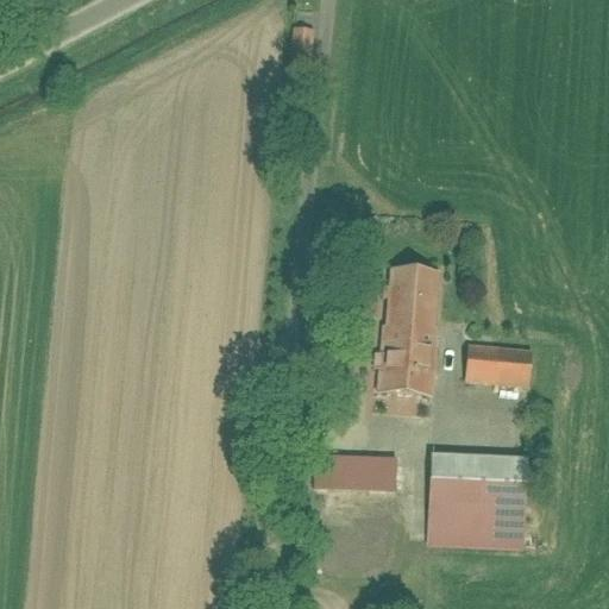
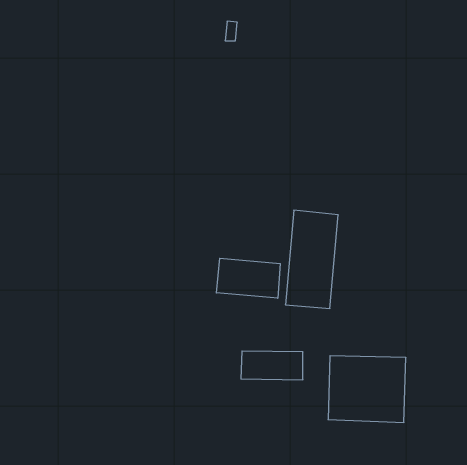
building: none -> [216,258,280,298]
building: [464,344,533,387] -> none

